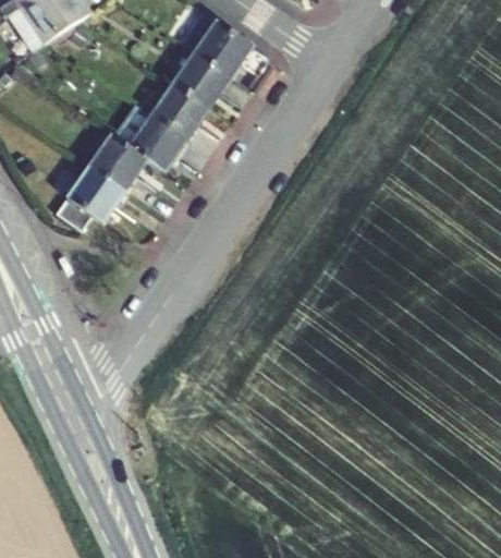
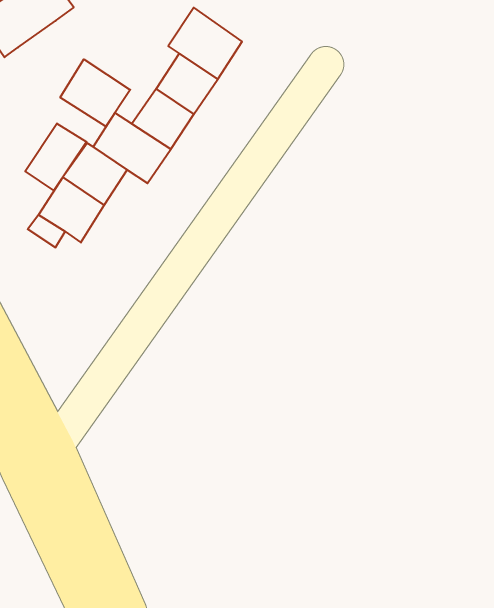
building: none -> [60,59,130,127]
building: none -> [25,123,87,190]

